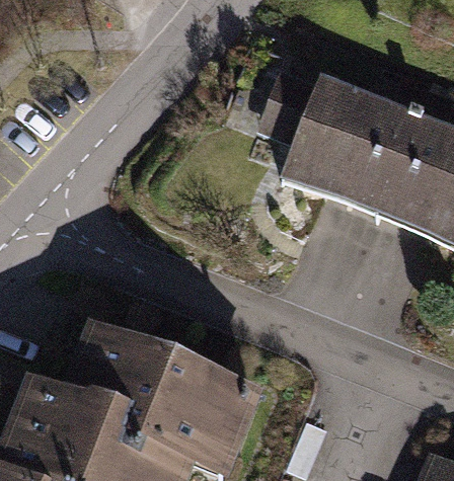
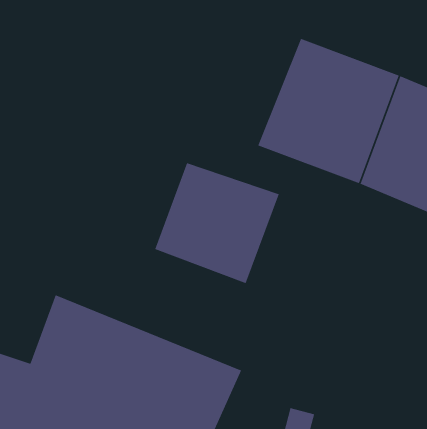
building: none -> [154,162,280,284]

